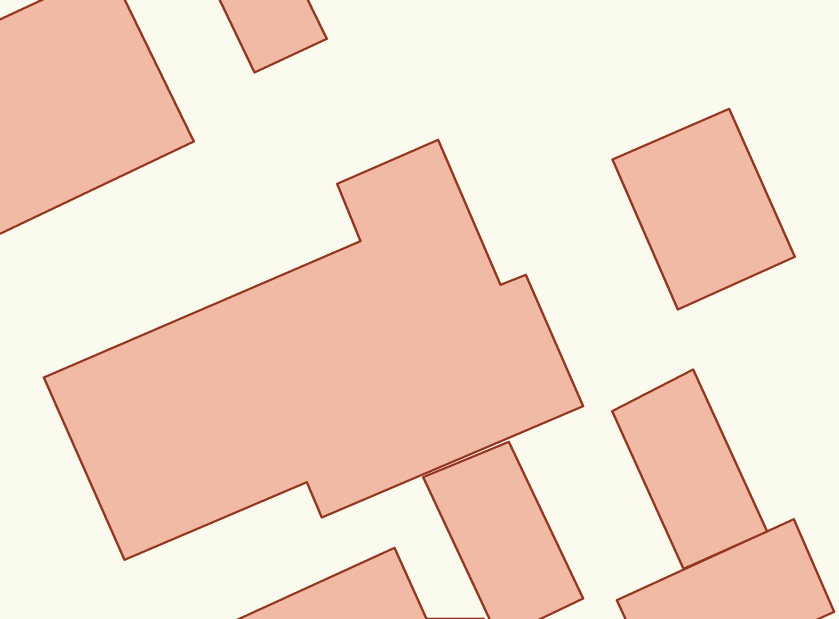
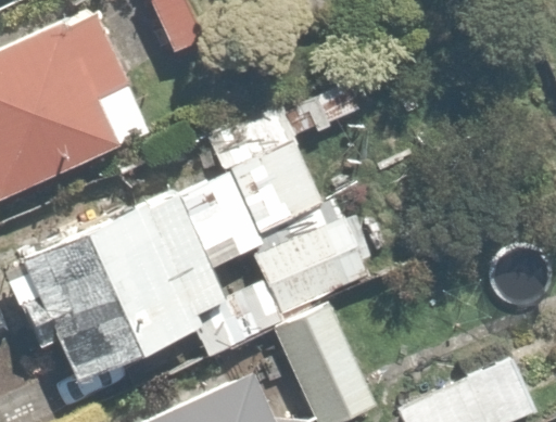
building: [612,109,795,309] -> none
building: [612,369,767,569] -> none

